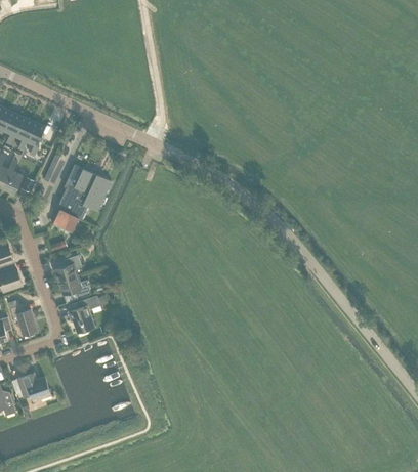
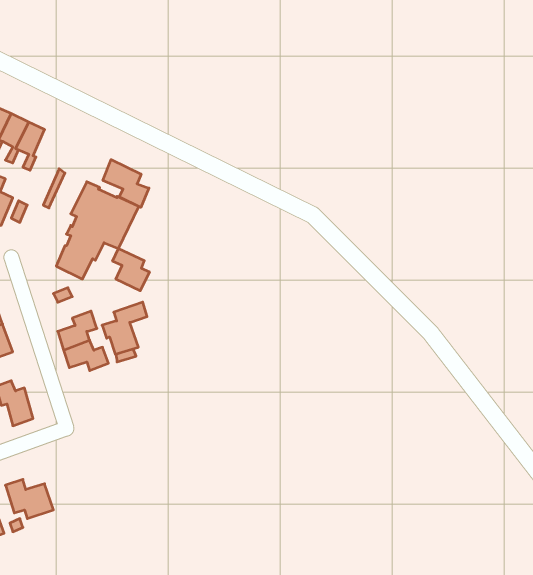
building: none -> [103,160,149,207]
building: none -> [113,249,149,291]
building: [68,294,99,331] -> [102,302,147,354]

